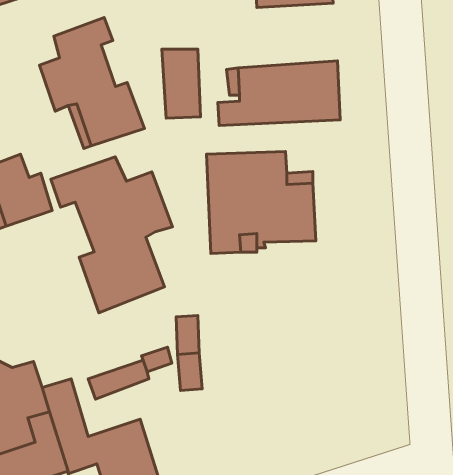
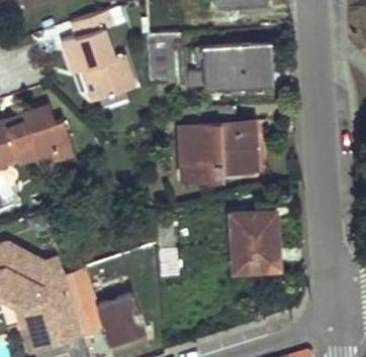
building: [51,157,173,313] -> none
building: none -> [230,211,278,271]

